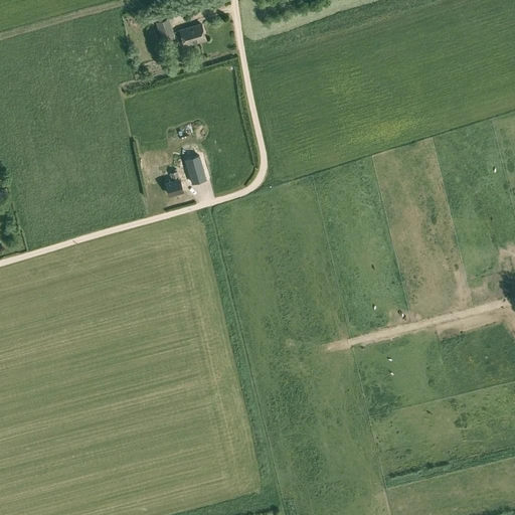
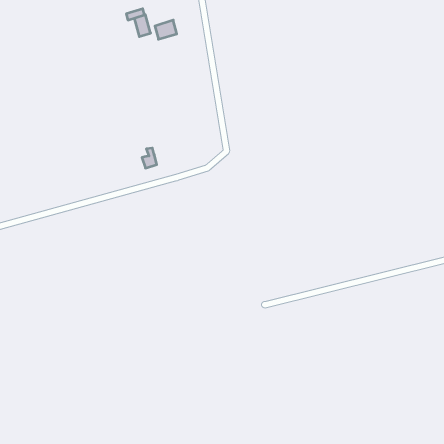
building: [184,157,205,184] -> none

